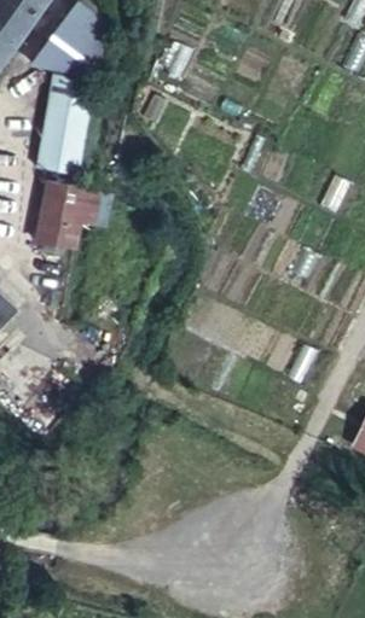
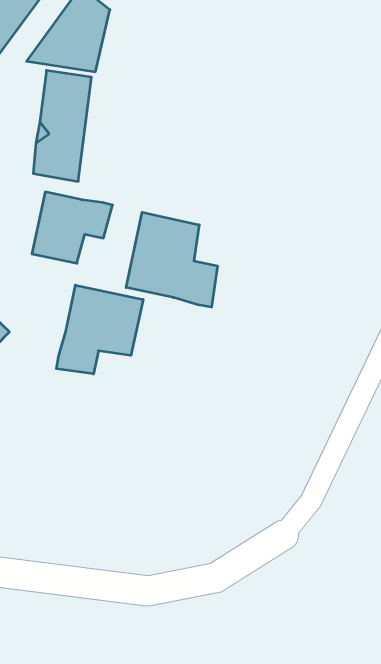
building: none -> [126,212,217,307]
building: none -> [56,285,143,374]

